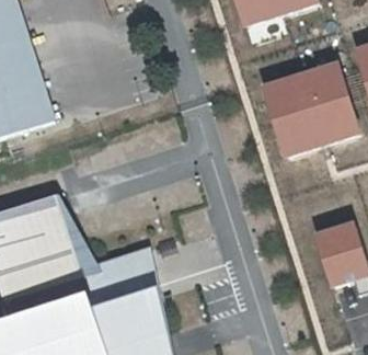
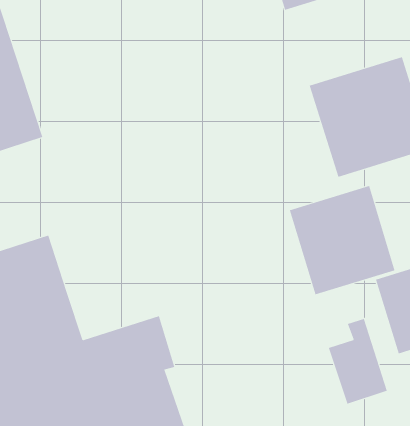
building: none -> [289,185,395,295]
building: none -> [328,318,387,404]

